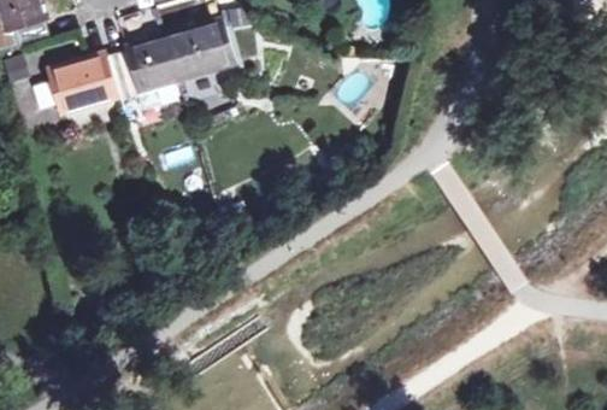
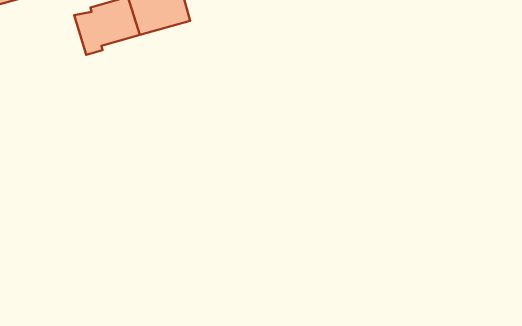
building: [48,54,119,113] -> none

